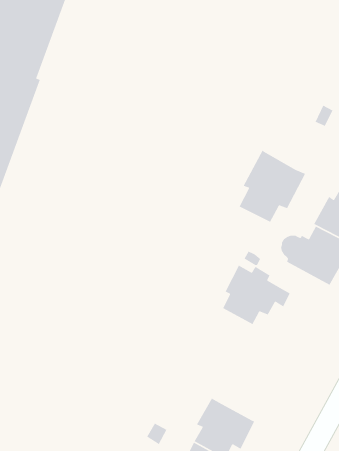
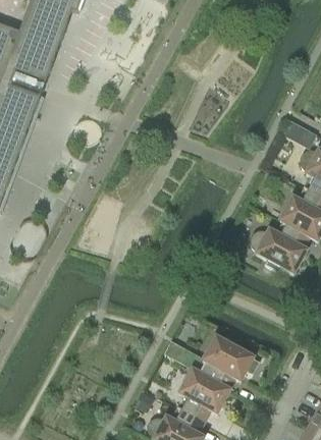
building: [239,150,306,223] -> none
building: [222,265,291,325] -> [200,337,259,389]

